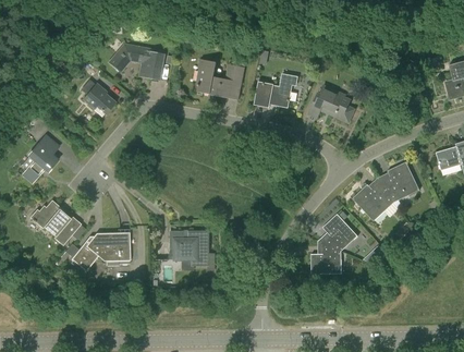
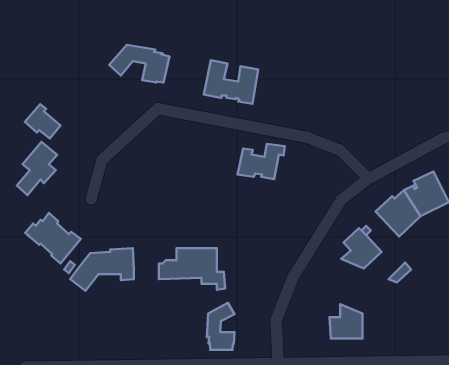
building: [254,74,297,107] -> [237,144,285,179]
building: [82,83,114,114] -> [25,104,60,138]
building: [315,86,353,121] -> none
building: [310,242,341,274] -> [330,304,363,338]
building: none -> [207,303,235,350]

